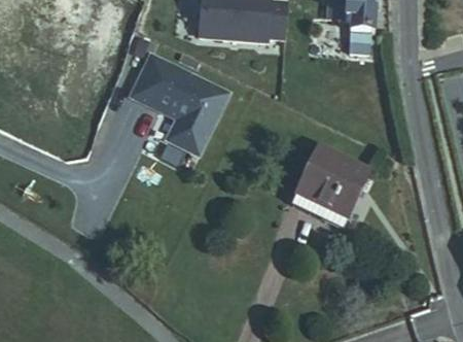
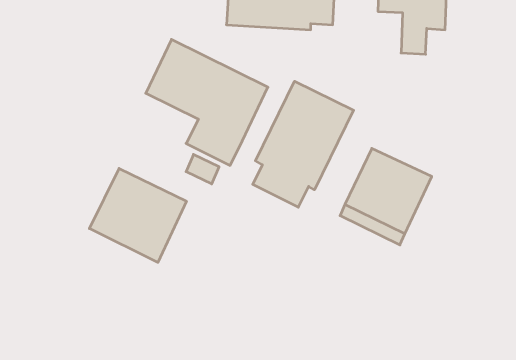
building: none -> [253,81,354,207]
building: none -> [89,168,186,262]

